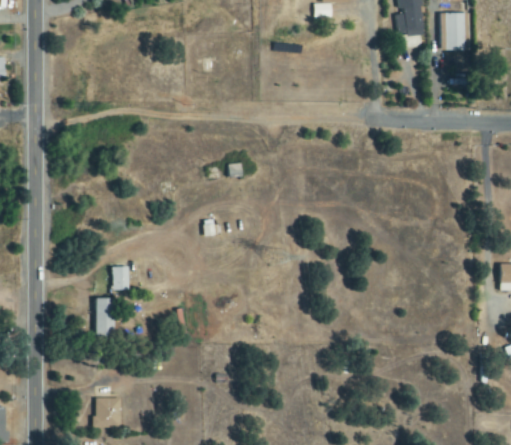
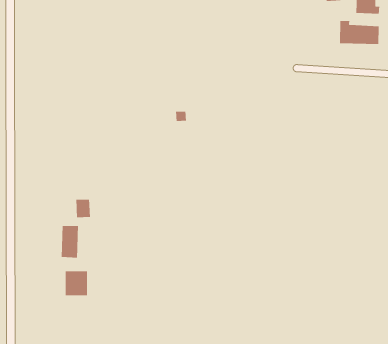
building: none -> [339,20,379,45]
building: [95,397,122,427] -> [65,271,88,296]

